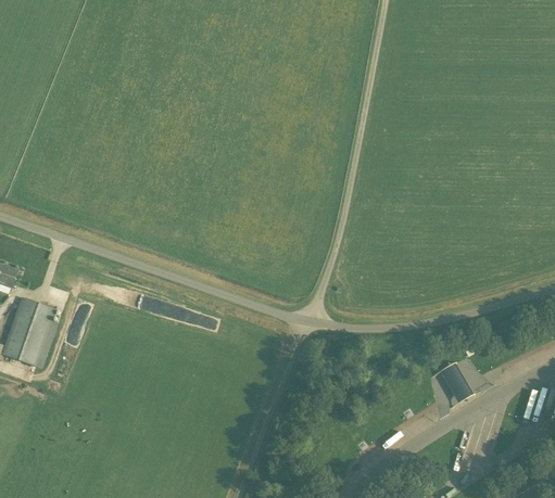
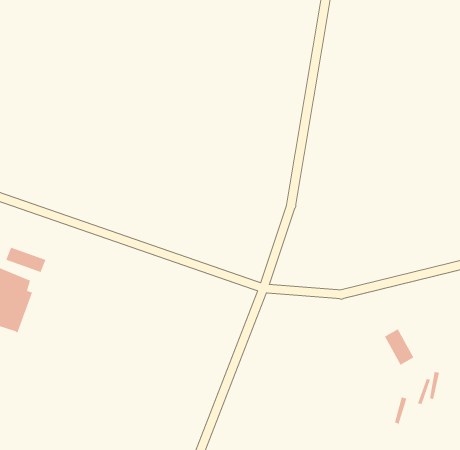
building: none -> [6,247,46,273]

